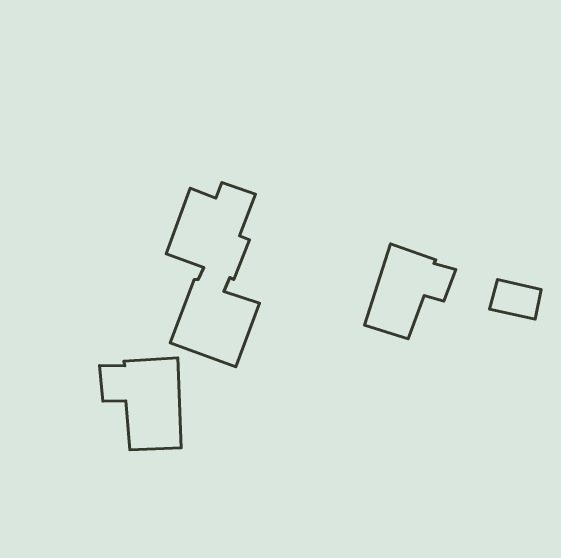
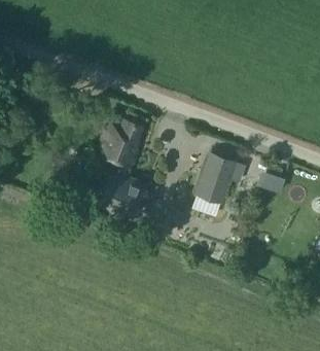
building: [100,358,181,450] -> none

